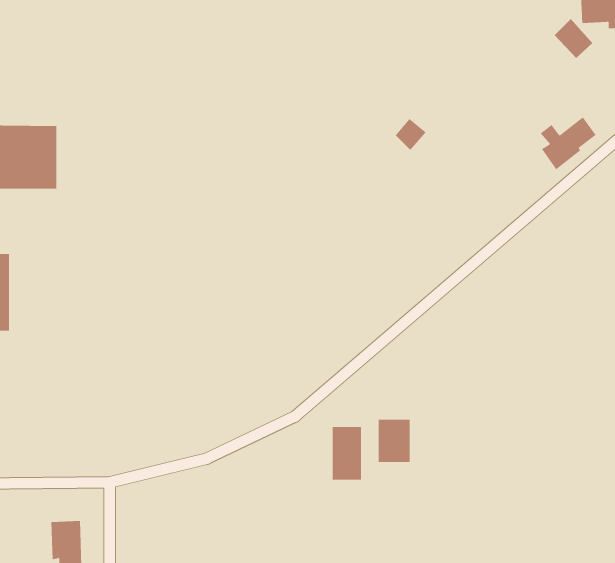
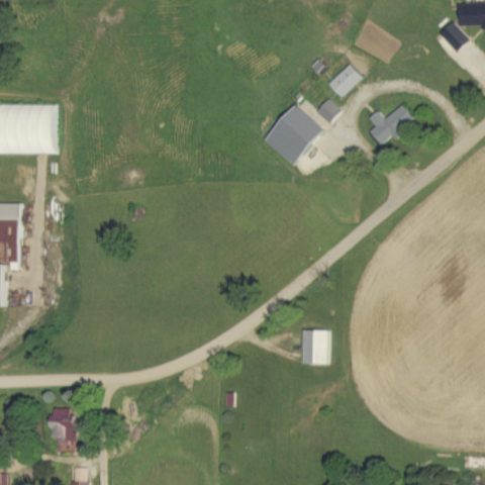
building: none -> [327,63,361,96]
building: [540,116,596,170] -> [368,104,411,146]
building: none -> [265,104,324,165]
building: [332,426,362,480] -> none

